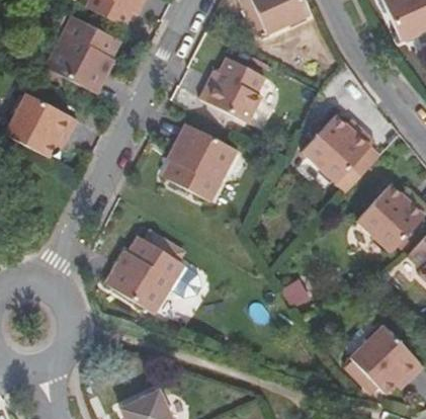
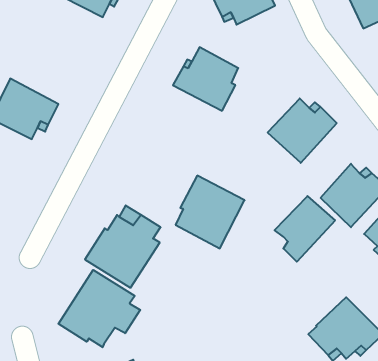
building: [48,15,120,93] -> none
building: [164,125,238,203] -> [176,176,245,248]
building: none -> [275,196,335,262]
building: none -> [58,270,140,347]

